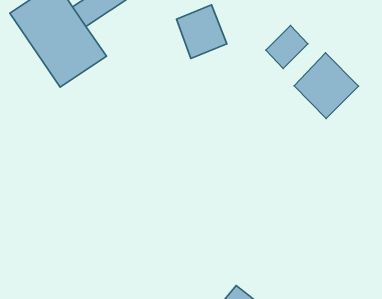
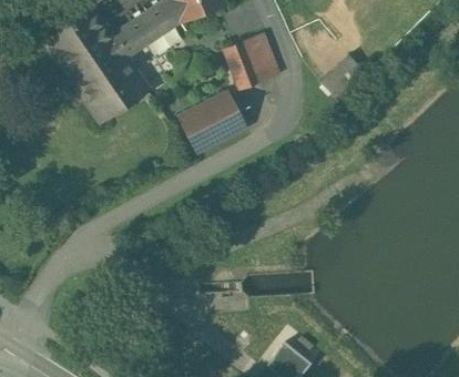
building: [294,53,358,118] -> none
building: none -> [177,91,247,153]

